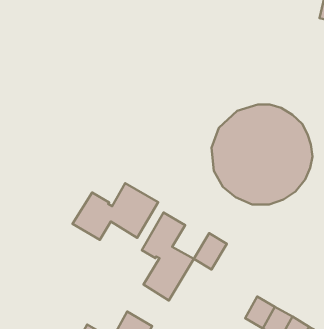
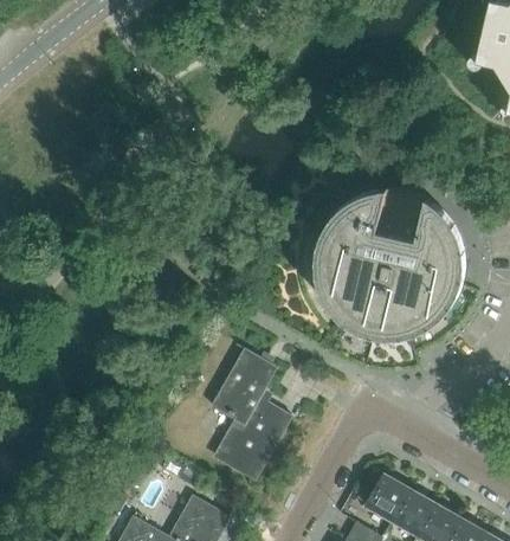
building: [72,183,158,240] -> none
building: [194,233,227,270] -> none

